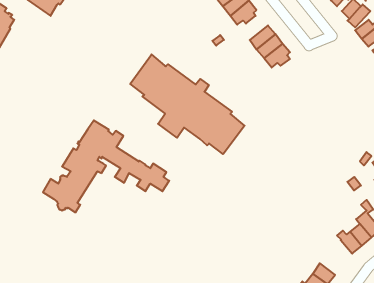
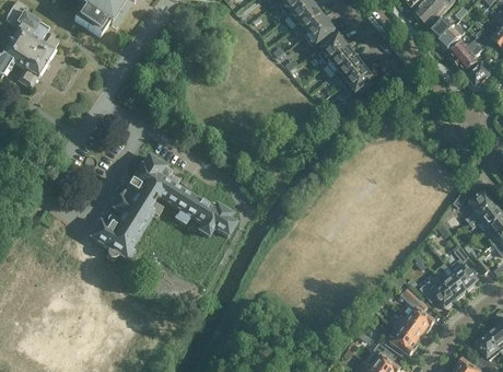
building: none -> [318,35,348,62]
building: [130,54,245,154] -> none
building: none -> [401,287,434,330]

